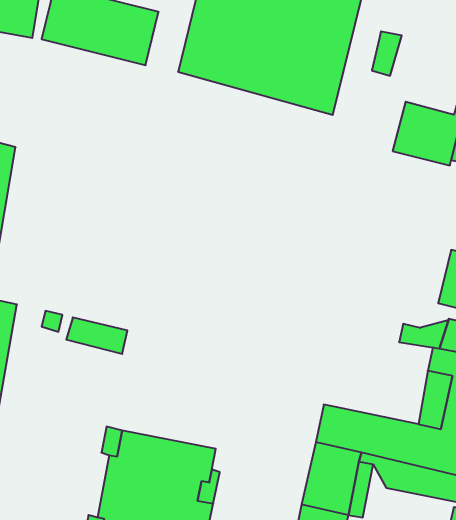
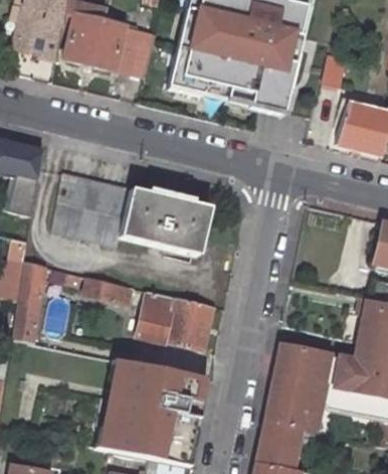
building: none -> [49,172,207,252]
building: none -> [132,288,212,348]

